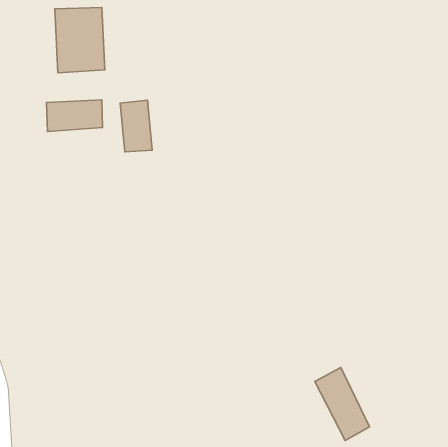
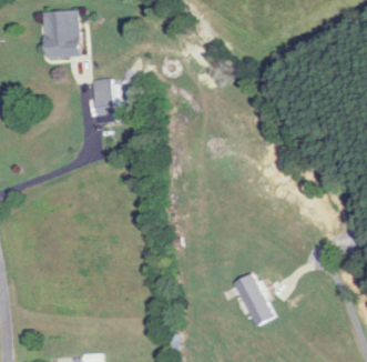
building: [46,100,102,131] -> none

